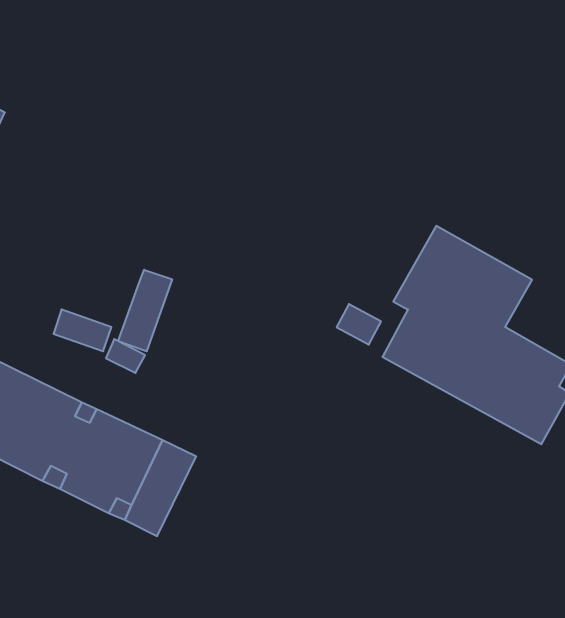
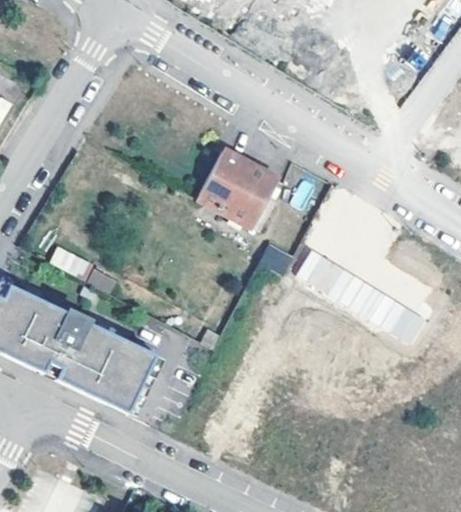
building: none -> [195,148,273,231]
building: [118,270,172,351] -> none

